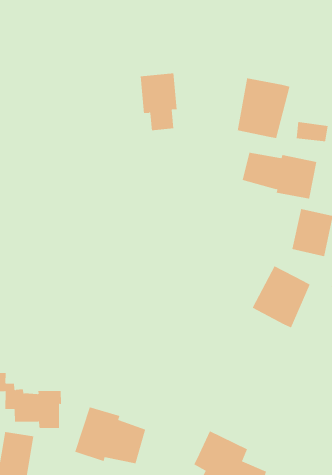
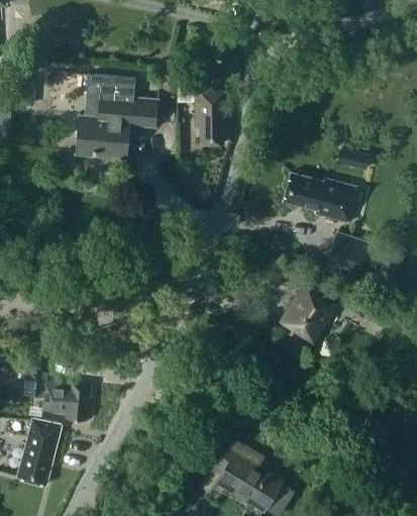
building: none -> [74,74,159,159]
building: [237,77,290,139] -> none
building: [75,406,146,464] -> none

